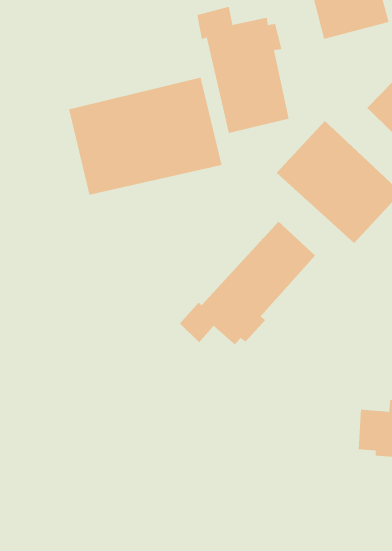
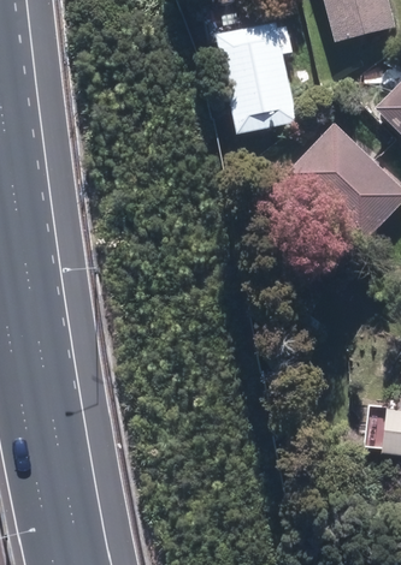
building: [69,77,222,196] -> none
building: [179,221,316,345] -> none

